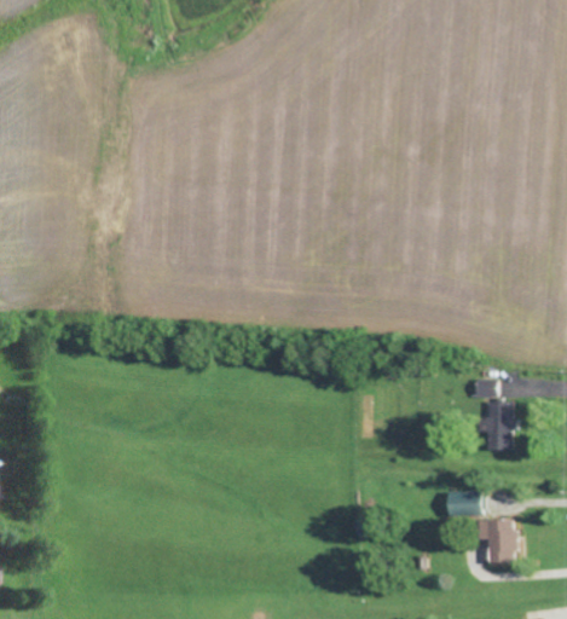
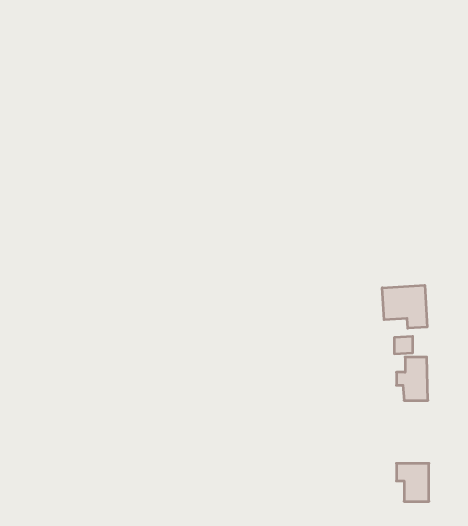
building: none -> [382,285,427,328]
building: [449,491,482,517] -> none

